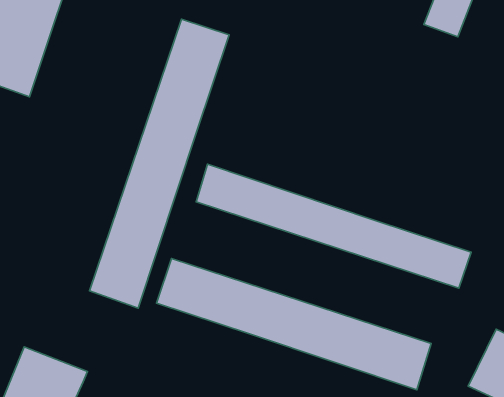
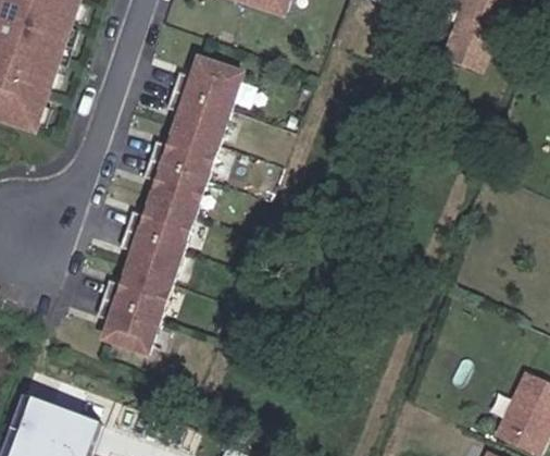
building: [196,164,471,288] -> none
building: [156,258,431,390] -> none

